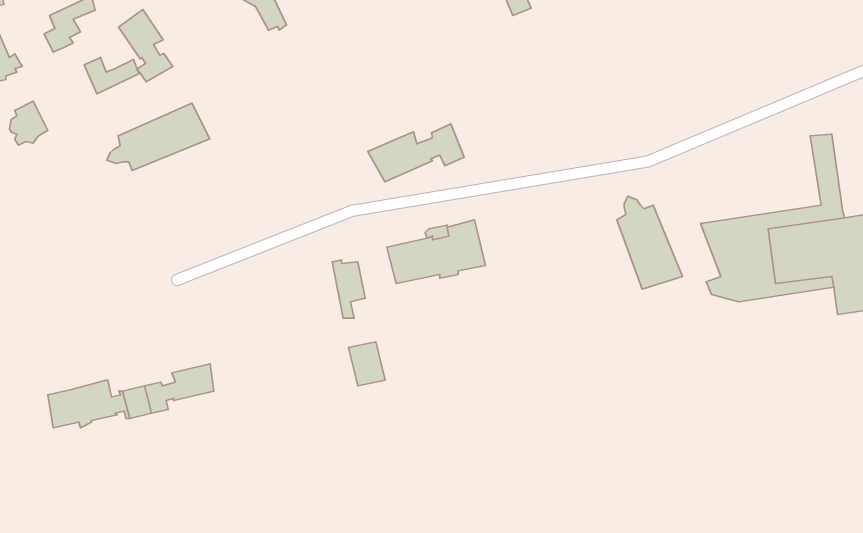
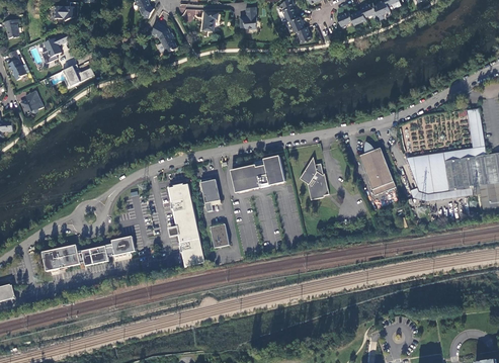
building: [118,9,173,82] -> none
building: [107,103,210,170] -> none
building: [368,124,464,182] -> none
building: none -> [300,161,328,197]
building: none -> [168,183,204,266]

